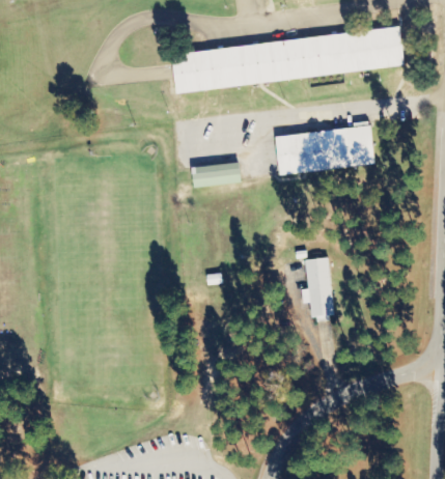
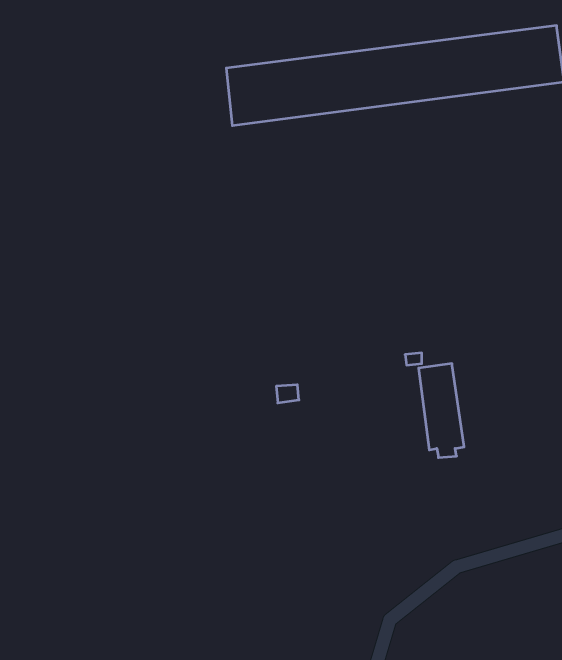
building: [275,124,374,174] -> none
building: [191,161,242,187] -> none

